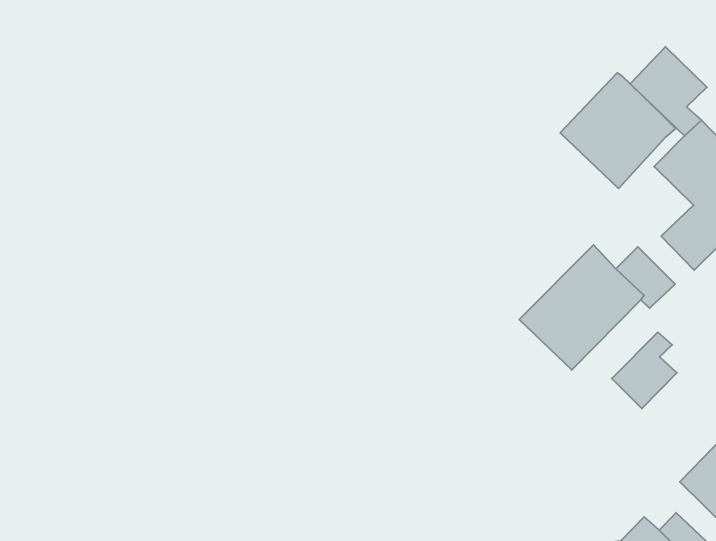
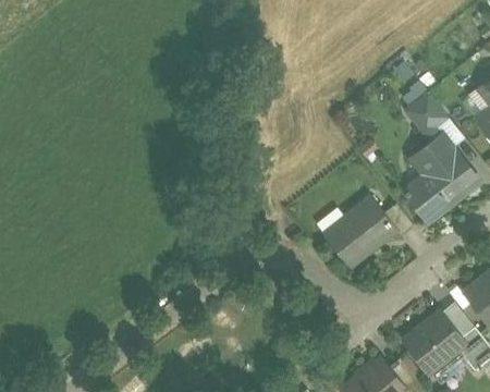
building: [560,73,675,188] -> none
building: [612,332,677,409] -> none

